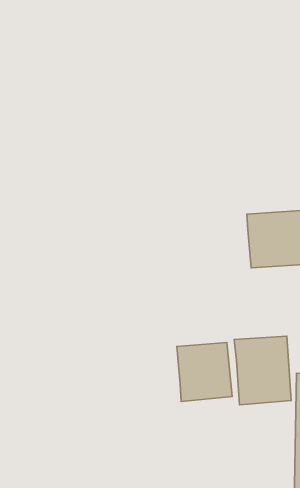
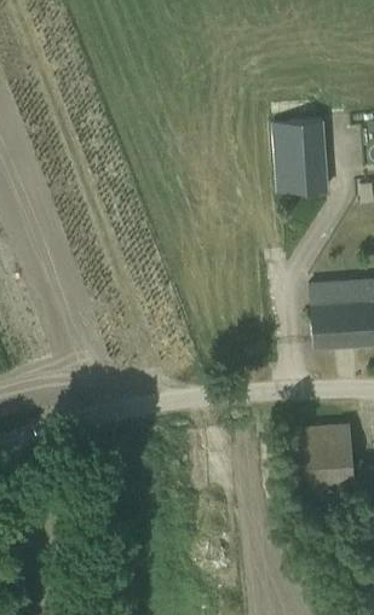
building: none -> [274,120,326,193]
building: [177,342,232,402] -> none

